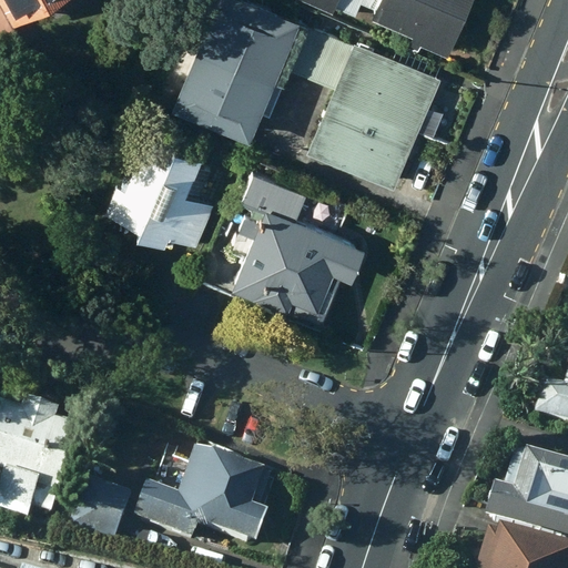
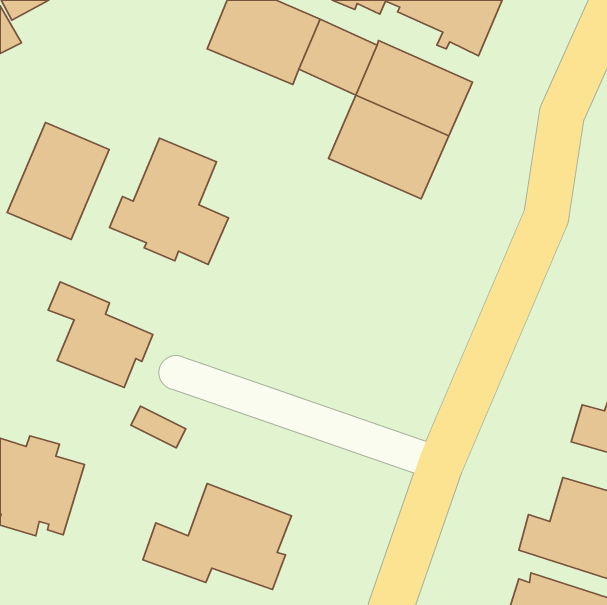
building: [170,49,274,139] -> none
building: none -> [7,122,109,240]
building: [232,171,364,322] -> none
building: none -> [48,282,153,387]
building: [70,484,130,545] -> none

